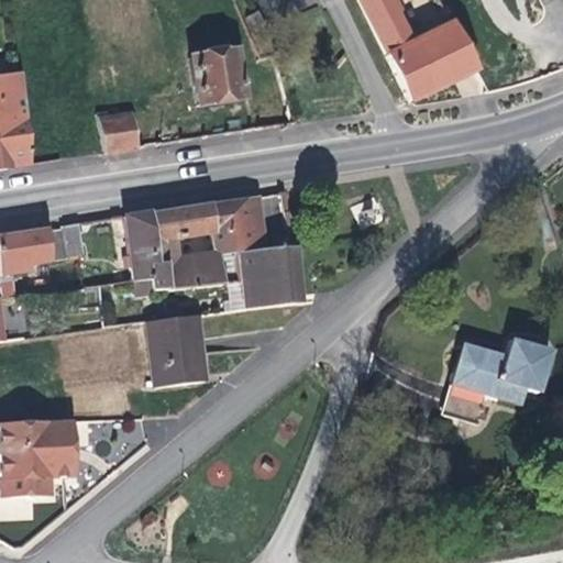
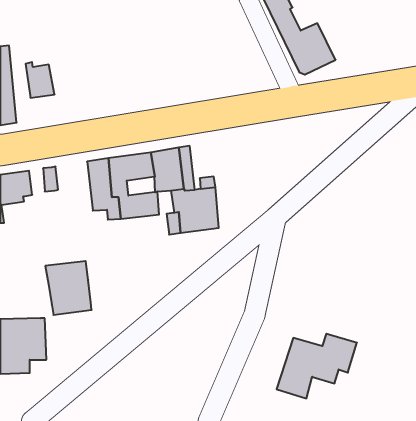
building: [431,22,477,79] -> none
building: [191,47,244,106] -> none
building: [99,103,137,151] -> [26,62,55,98]
building: [143,316,205,387] -> [45,261,92,315]
building: [448,332,554,418] -> [277,334,357,398]

